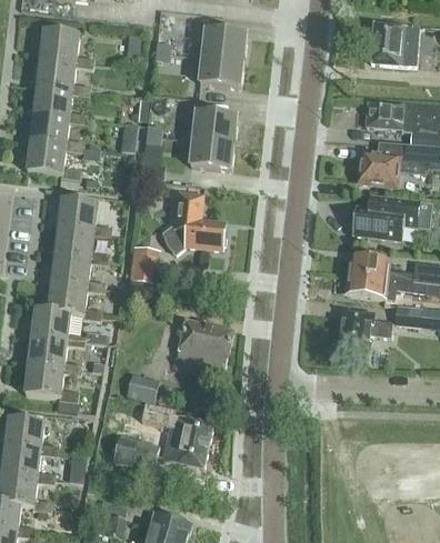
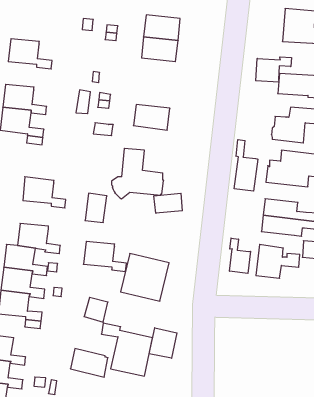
building: [40,30,93,68] -> none
building: none -> [256,57,291,82]
building: [33,87,87,123] -> none
building: [192,112,237,143] -> none
building: none -> [234,140,258,191]
building: [57,199,110,237] -> none
building: none -> [154,193,182,213]
building: [51,255,103,292] -> [83,241,126,272]
building: none -> [230,238,251,273]
building: none -> [149,328,177,358]

